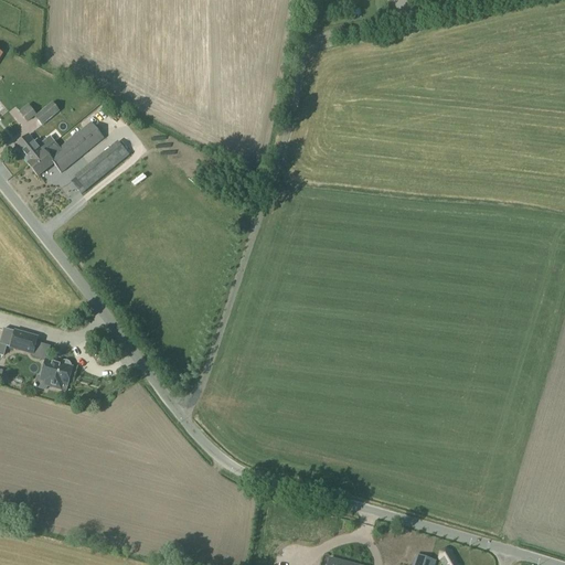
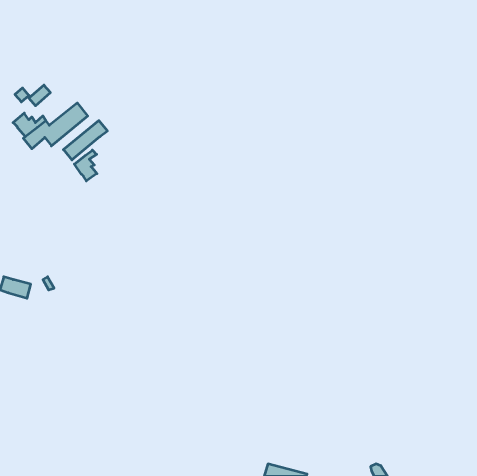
building: none -> [74,150,97,181]
building: [41,359,72,387] -> none

